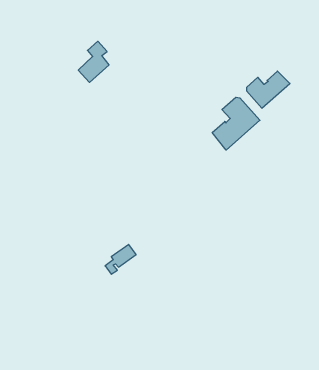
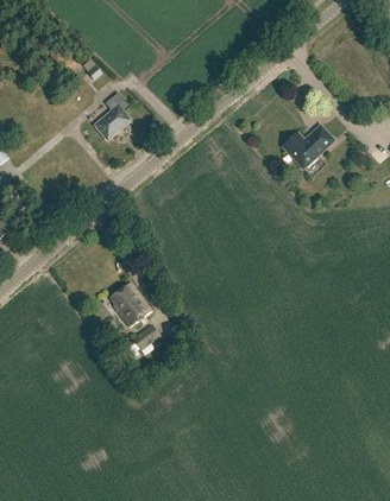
building: [212,97,260,150] -> none
building: none -> [109,281,151,326]

